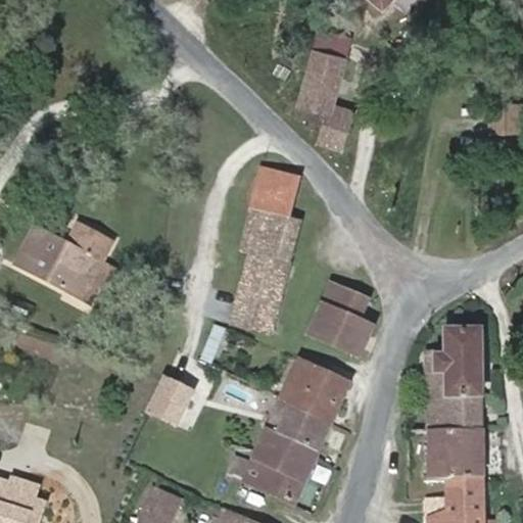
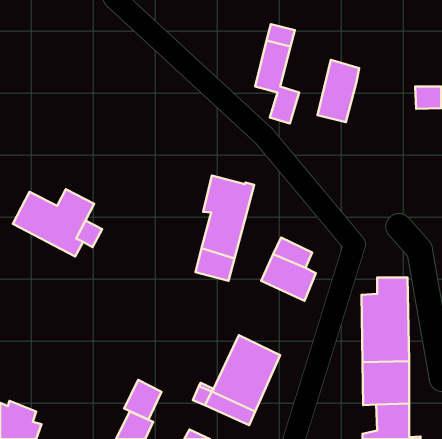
building: none -> [317,60,359,122]
building: [250,168,300,218] -> none
building: [282,360,348,420] -> none
building: [148,377,192,424] -> [124,380,161,420]

